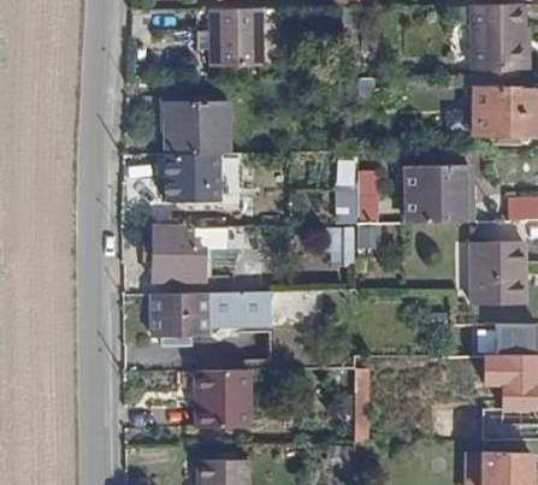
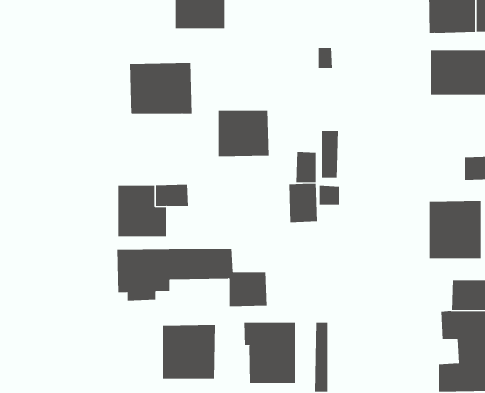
building: [166,154,219,202] -> [218,110,269,157]
building: [404,165,468,224] -> none
building: none -> [244,322,296,384]

